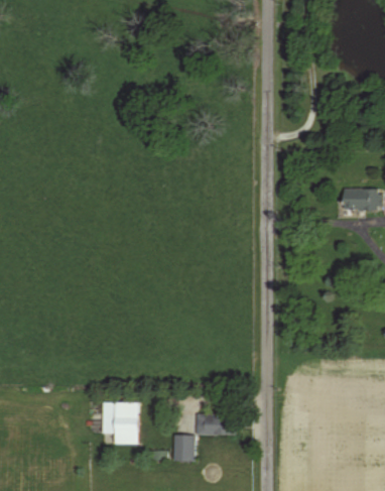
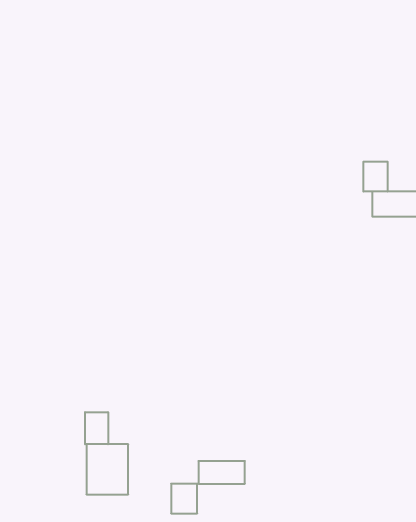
building: none -> [363,162,388,192]
building: none -> [85,412,108,444]

